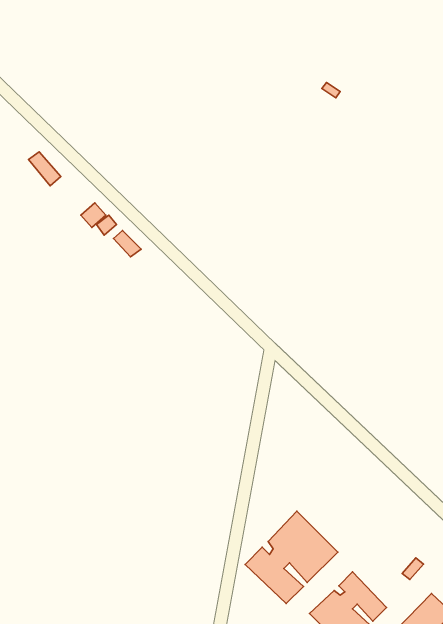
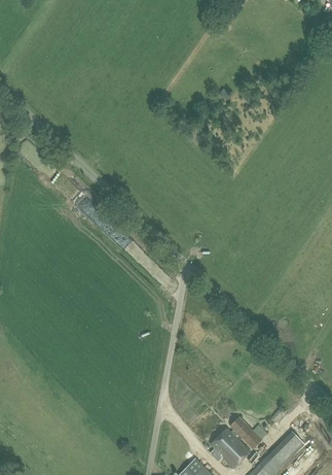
building: [245,511,338,604] -> none

